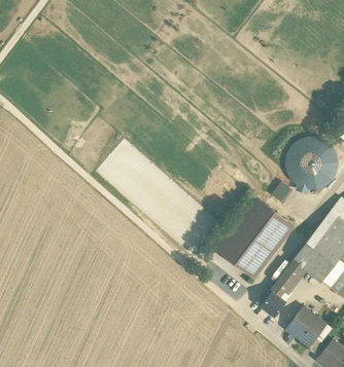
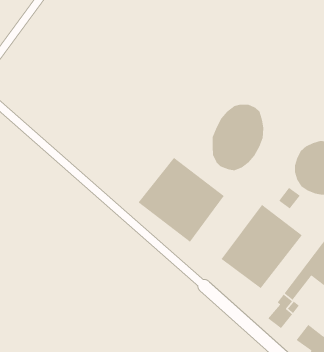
building: none -> [212,104,264,171]
building: none -> [138,157,225,243]

